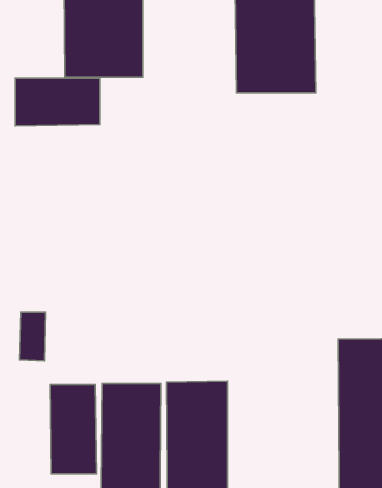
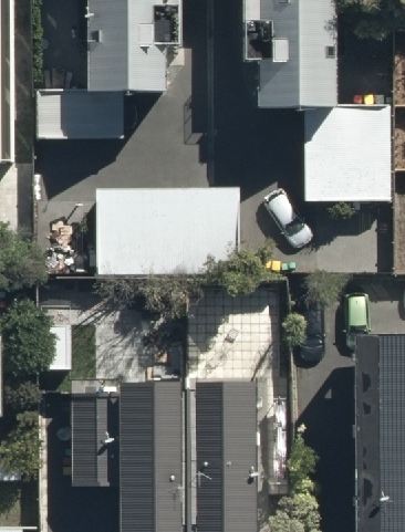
building: none -> [304,109,388,200]
building: none -> [98,188,235,271]

